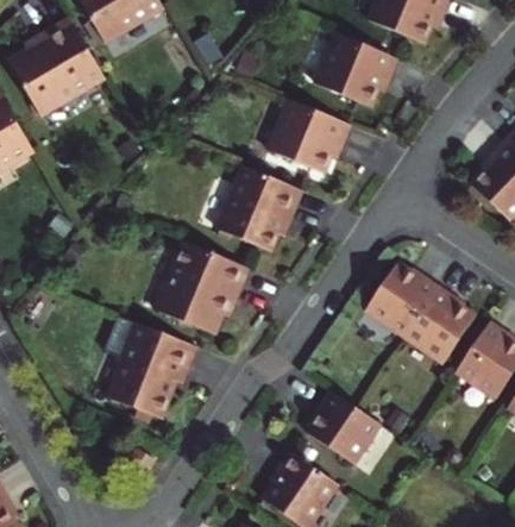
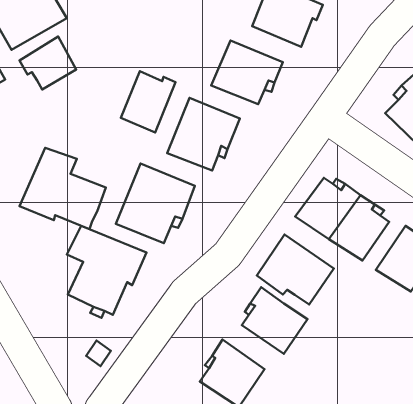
building: none -> [20,36,76,89]
building: none -> [121,71,175,133]
building: none -> [19,148,106,229]
building: none -> [257,235,334,304]

